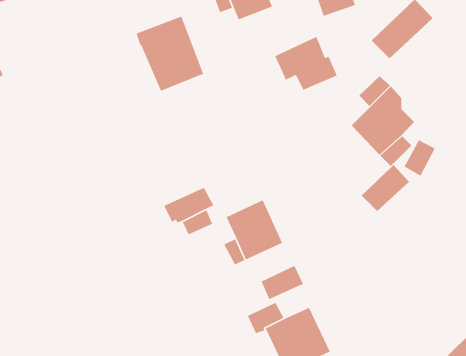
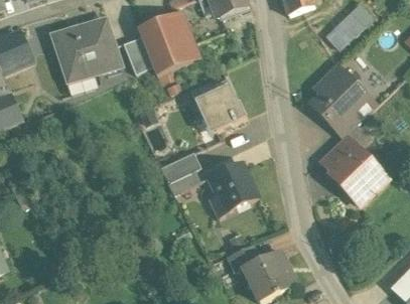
building: none -> [54,19,123,83]
building: [274,36,338,91] -> [195,84,247,128]
building: none -> [123,36,153,74]
building: none -> [332,147,387,203]
building: [261,265,304,300] -> none

